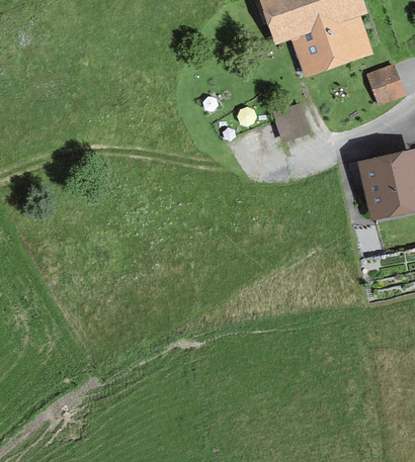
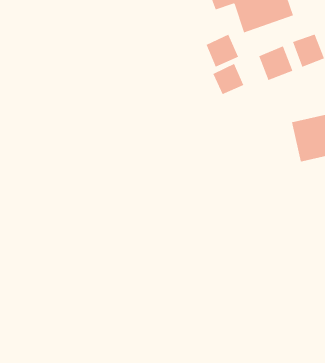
building: none -> [206,34,239,67]
building: none -> [259,46,293,81]

